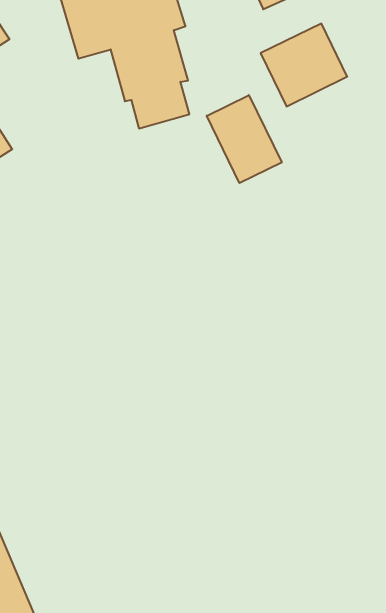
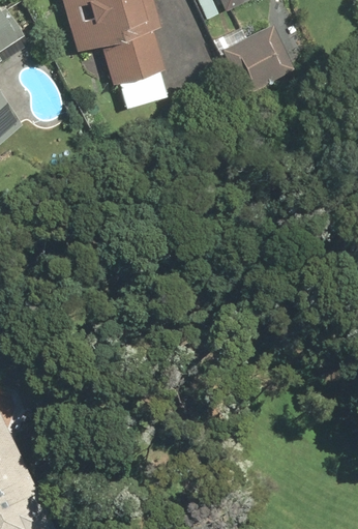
building: [207,95,282,183] -> none

